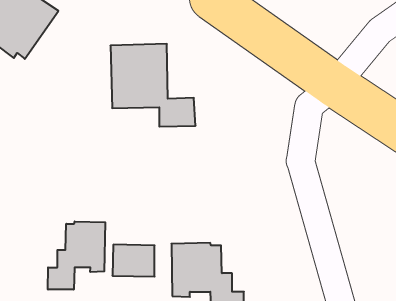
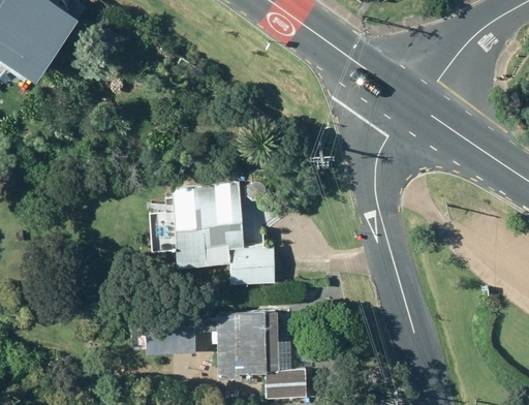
building: [110,44,196,127] -> [172,183,276,284]
building: [48,221,105,290] -> none

